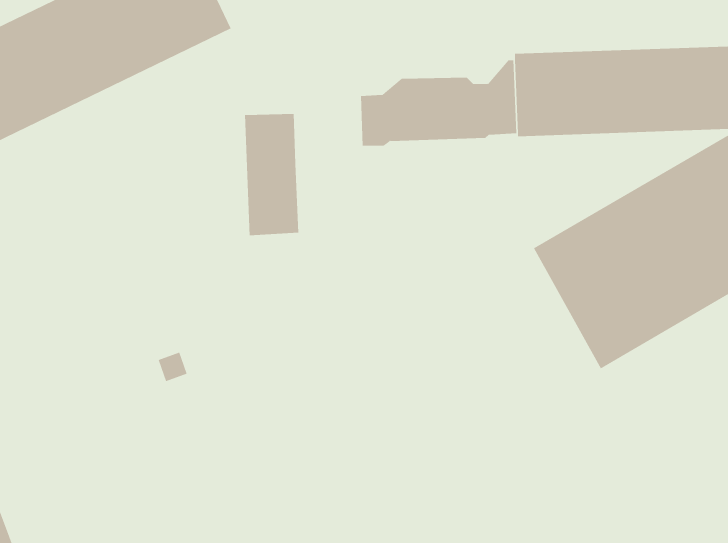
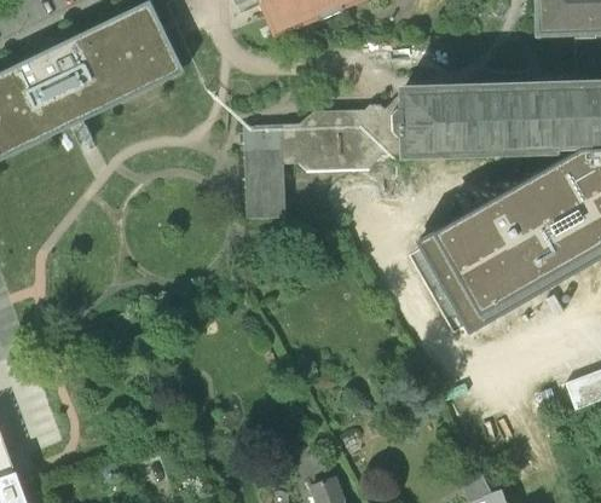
building: [244,113,299,236] -> [243,123,285,218]

